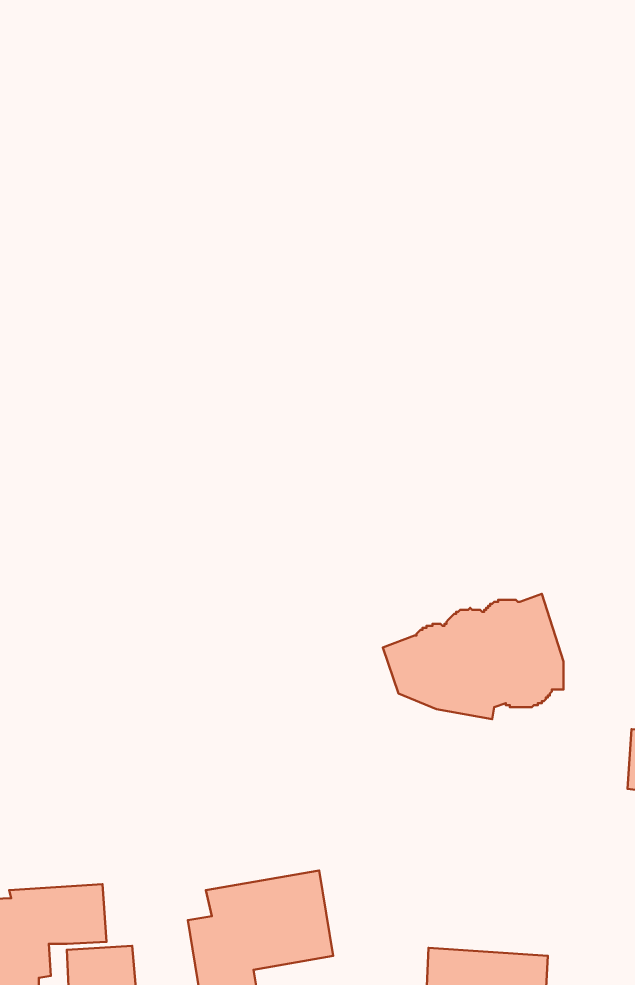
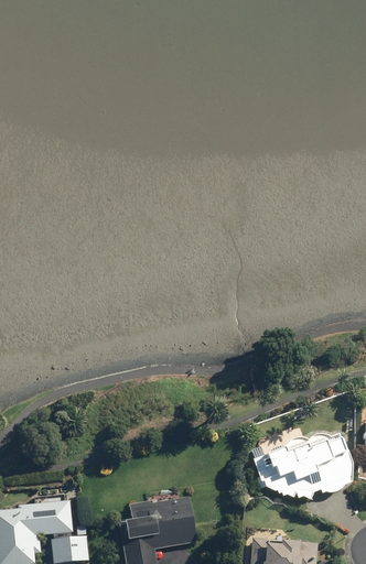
building: [383,594,564,719] -> [251,431,352,500]

